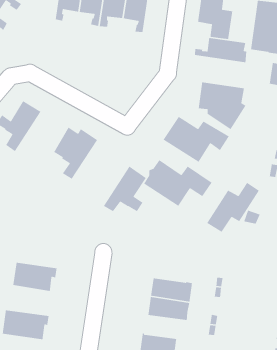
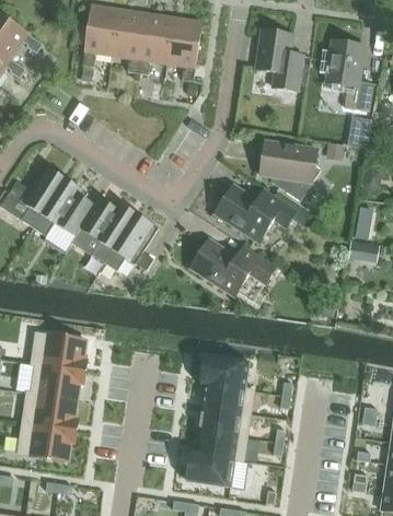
building: [194,37,247,63] -> none
building: none -> [33,178,94,236]
building: [103,165,147,212] -> [103,213,158,271]
building: [206,182,260,233] -> none
building: none -> [30,333,86,372]
building: none -> [200,355,248,389]
building: none -> [21,392,77,431]
building: none -> [194,431,246,462]

